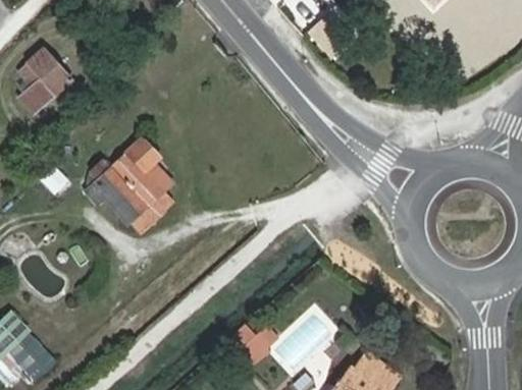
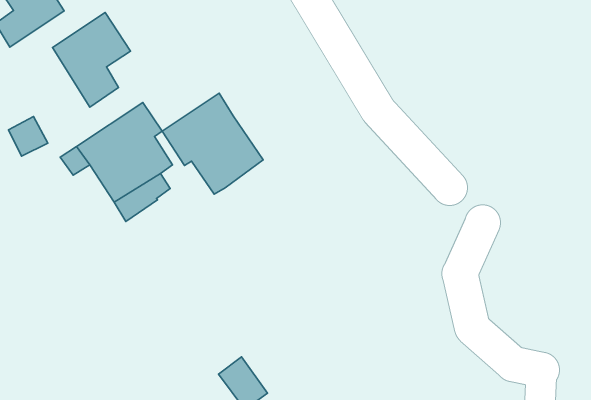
building: none -> [53,12,131,107]
building: none -> [162,93,263,194]

